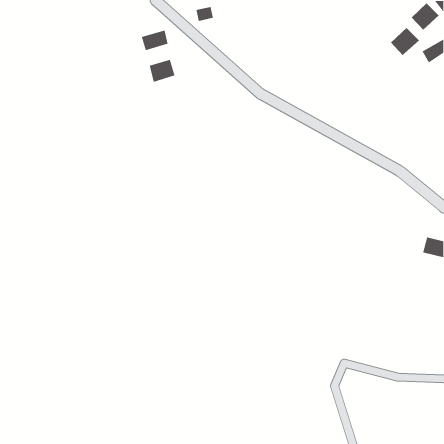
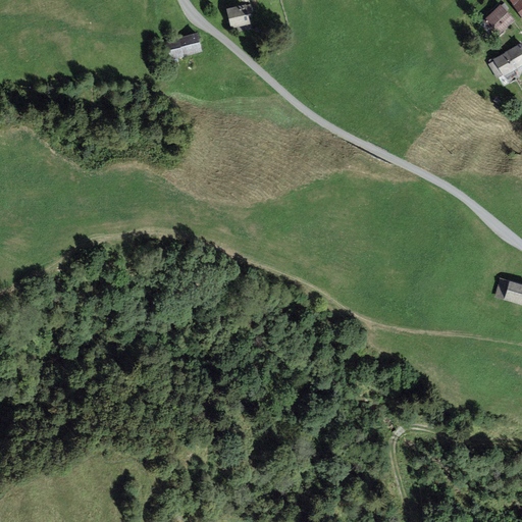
building: [390,27,420,56] -> none
building: [149,59,176,83] -> none

